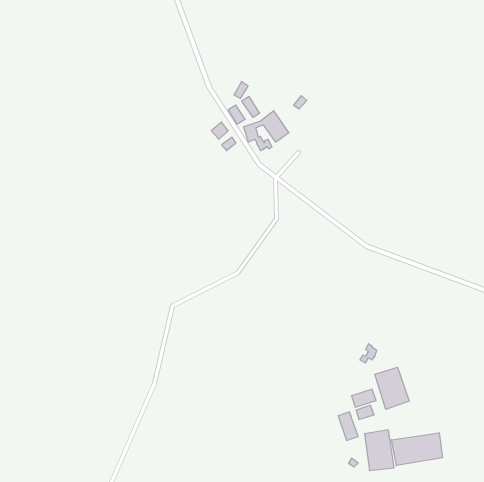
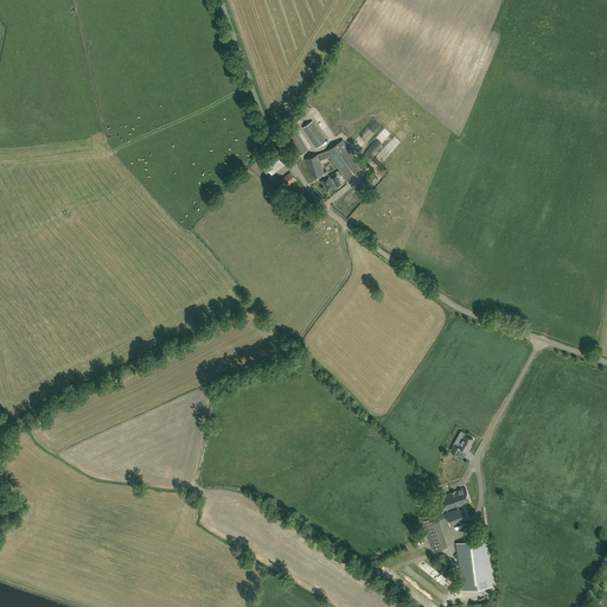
building: [375,367,409,409] -> none
building: [391,433,443,466] -> none

